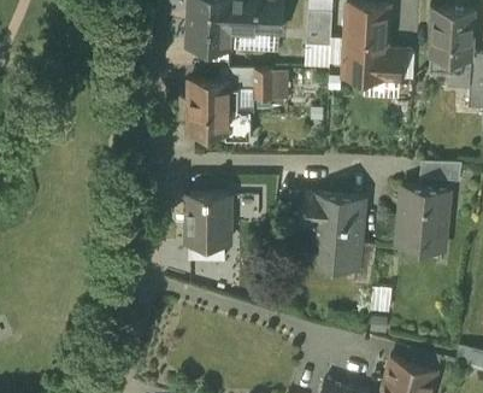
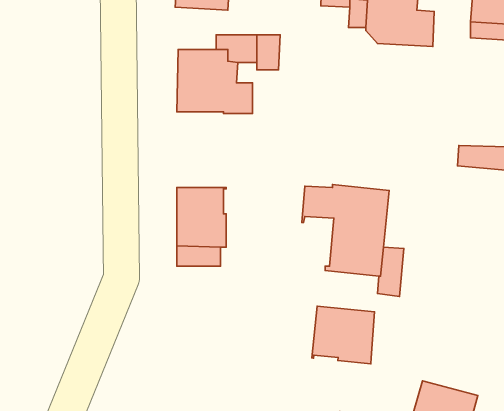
building: [396,187,448,252] -> none
building: none -> [312,306,375,364]

